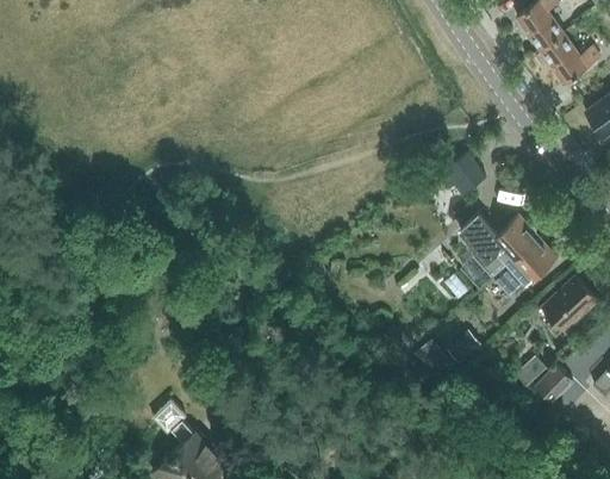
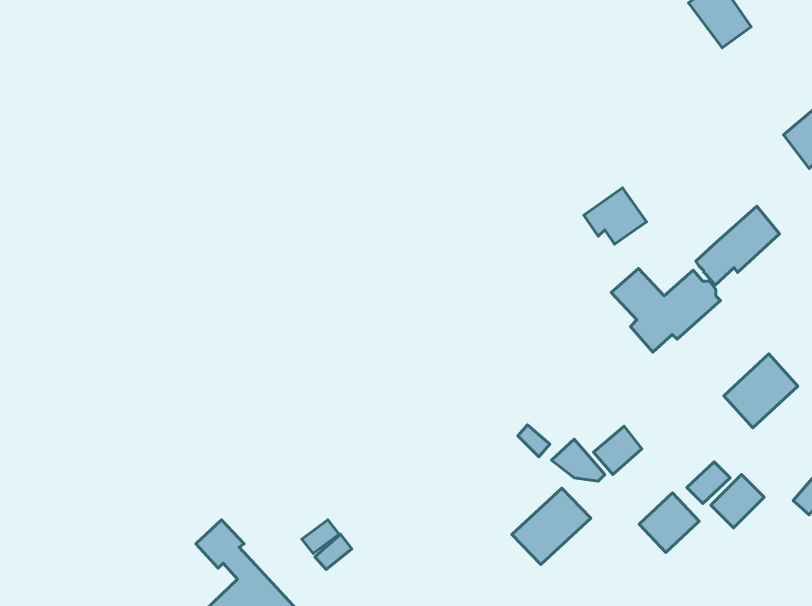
building: [541,35,599,85] -> none
building: [494,237,556,296] -> [696,206,779,285]
building: none -> [512,488,591,565]
building: none -> [639,493,699,553]

